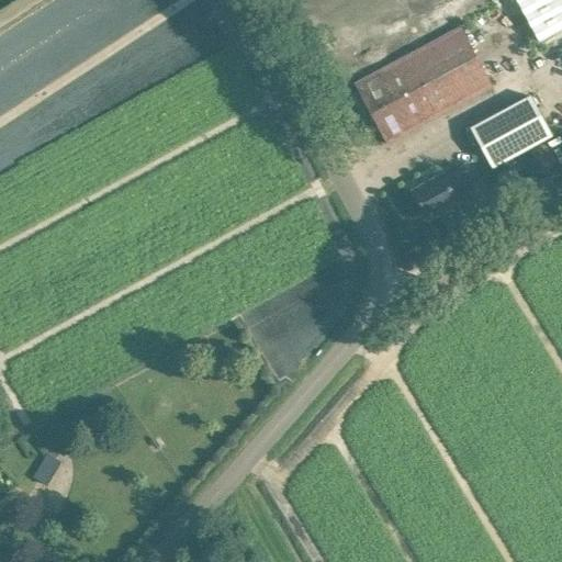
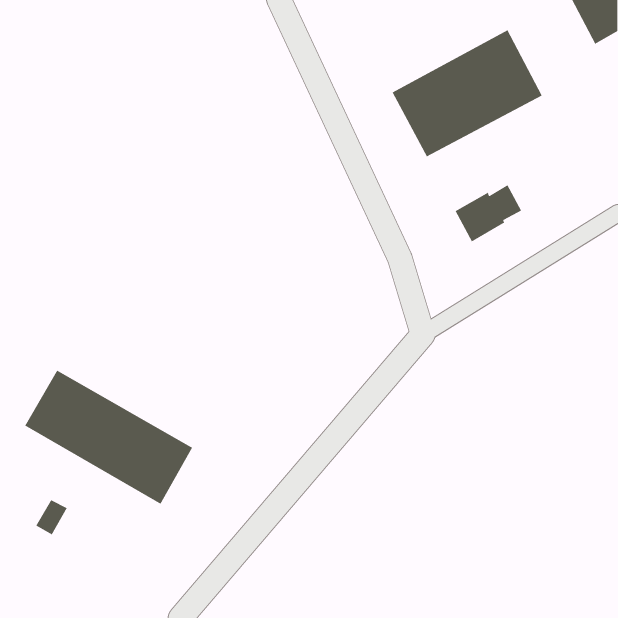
building: [470,94,552,167] -> none
building: none -> [24,370,193,505]

